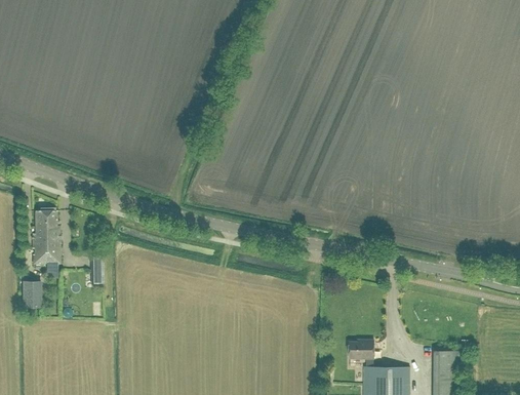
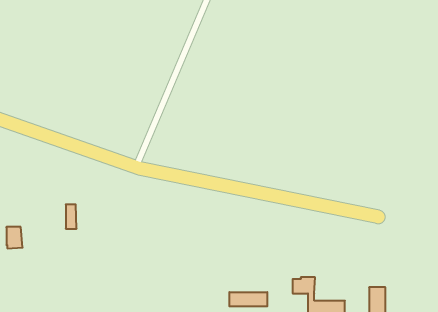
building: [32,211,62,265] -> none
building: none -> [229,292,267,306]

